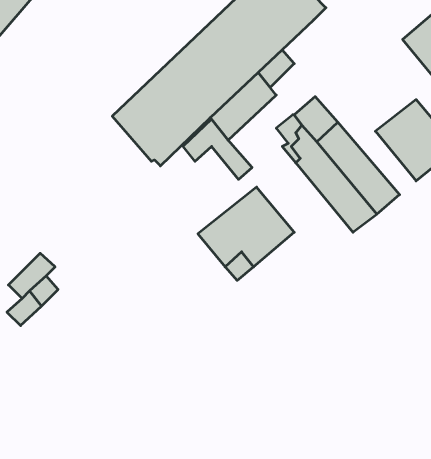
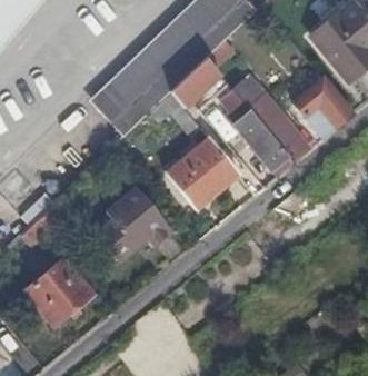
building: none -> [98,185,176,259]
building: none -> [26,259,92,325]

